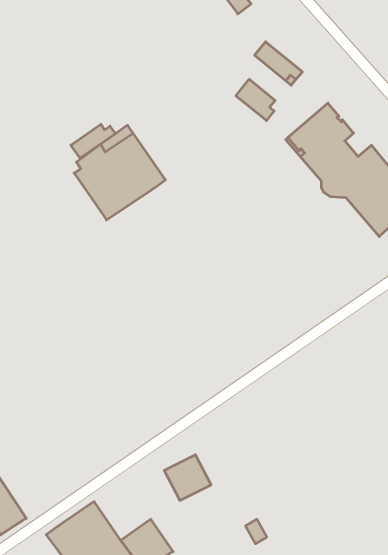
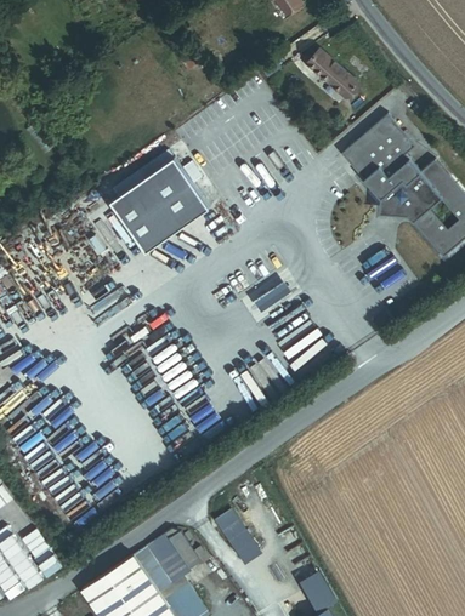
building: [236,79,275,121] -> none
building: [71,124,115,158] -> none
building: none -> [135,526,210,597]

